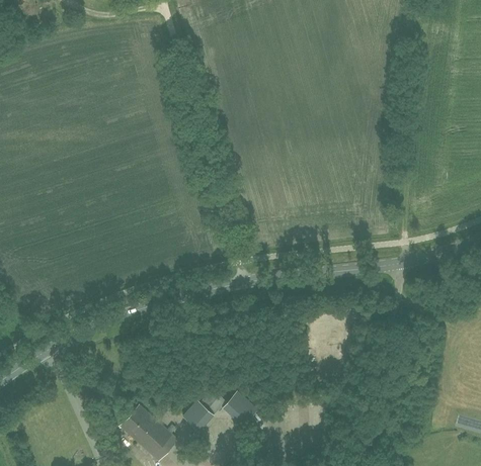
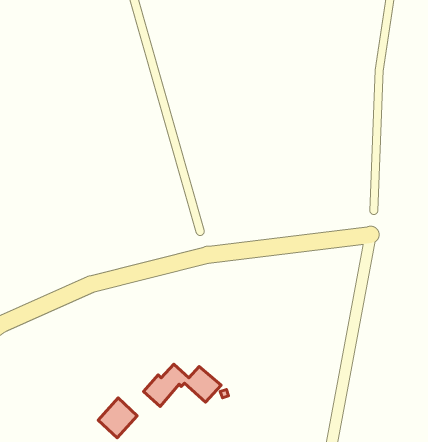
building: [121,404,159,443] -> none

